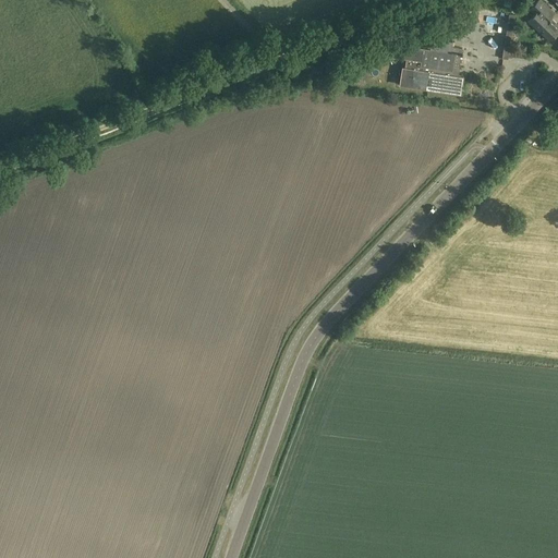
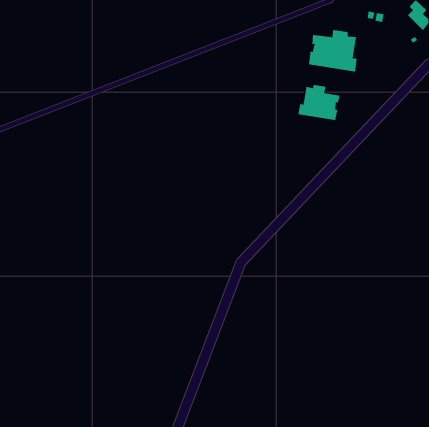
building: none -> [298,84,340,121]

